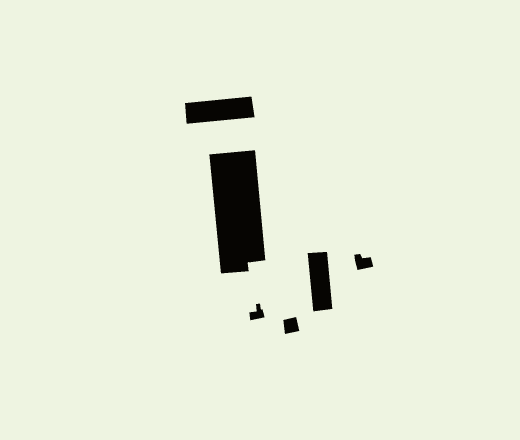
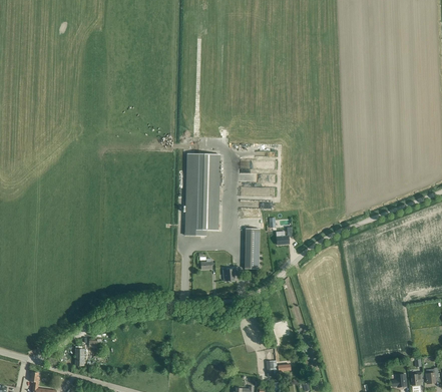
building: [185,96,255,125] -> none

